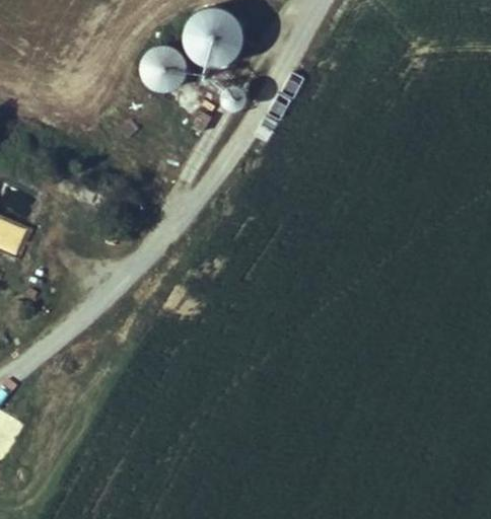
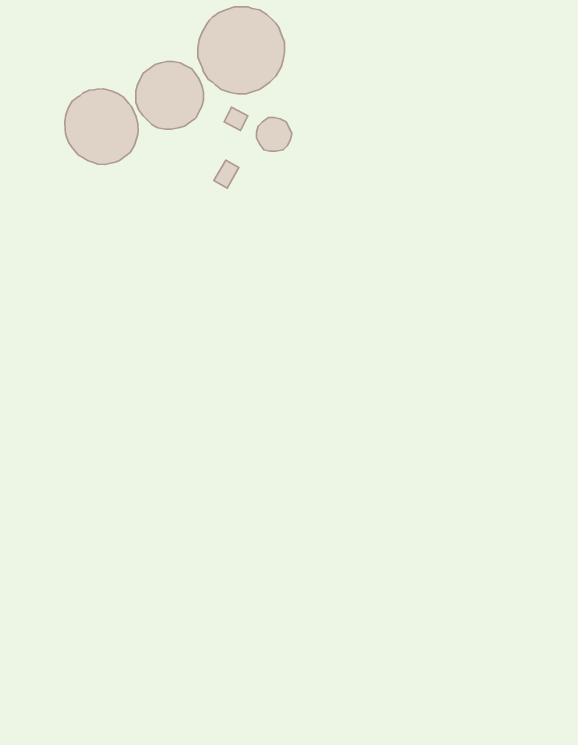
building: none -> [65,89,138,165]

